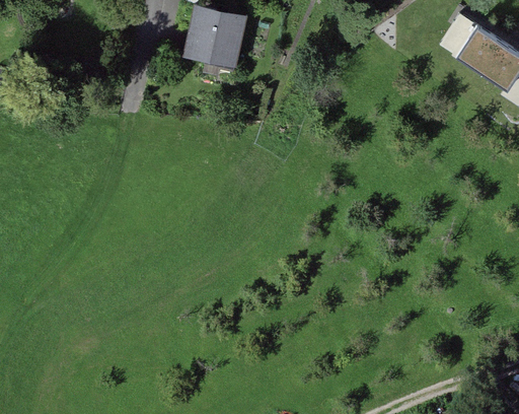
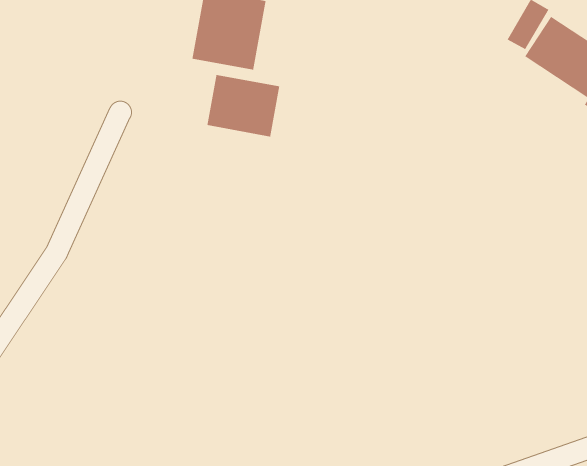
building: none -> [206,74,280,137]

